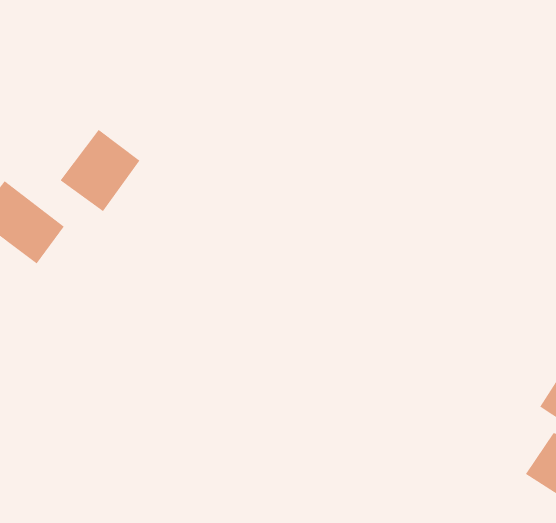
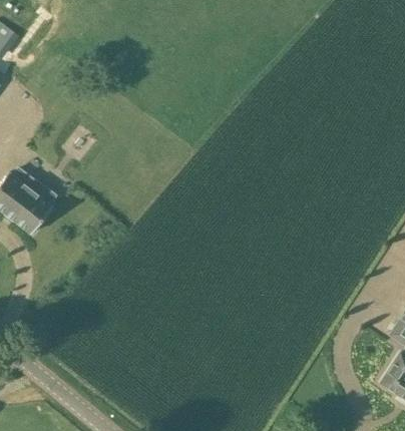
building: [60,129,141,212] -> none

